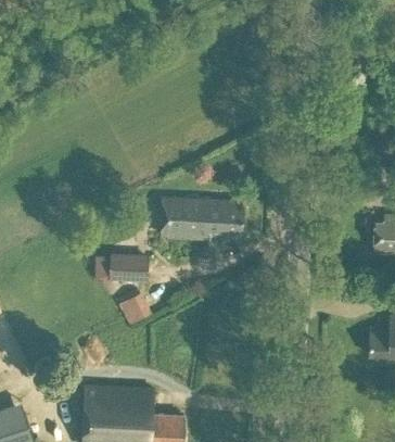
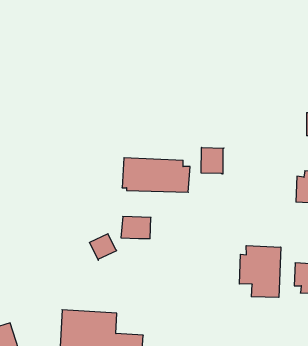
building: none -> [201,147,224,174]
building: [107,253,144,280] -> [121,217,151,239]
building: none -> [239,246,281,297]

